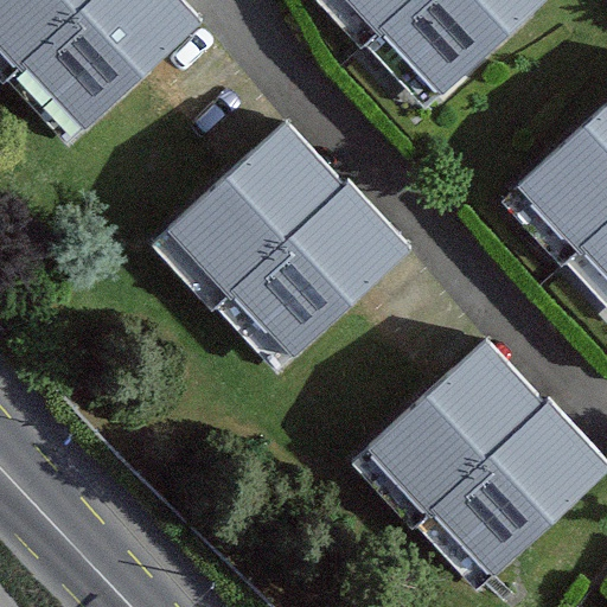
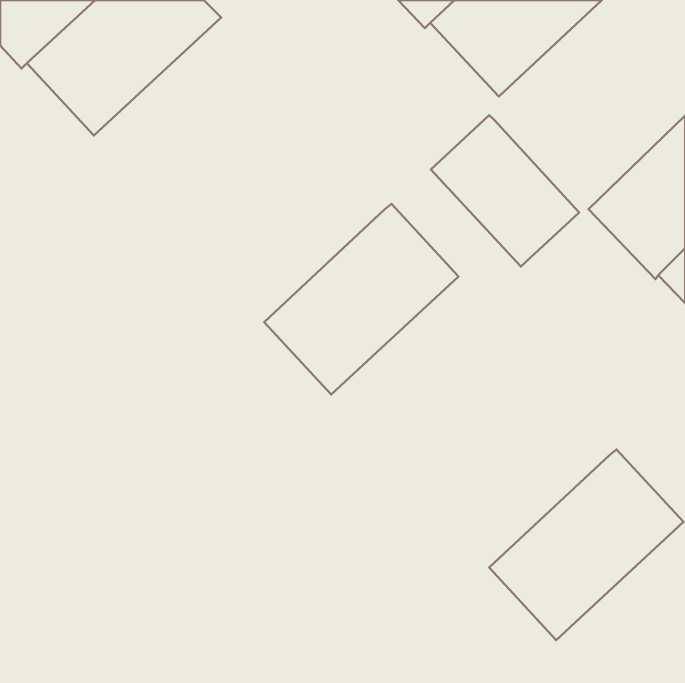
building: none -> [431,115,579,267]
building: [170,124,340,292] -> none
building: [369,341,539,509] -> none

